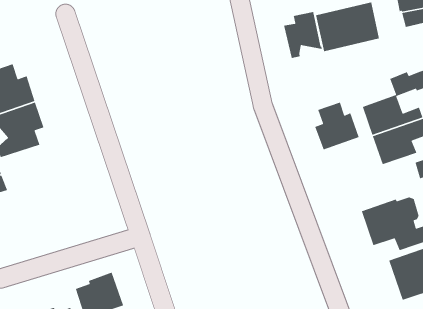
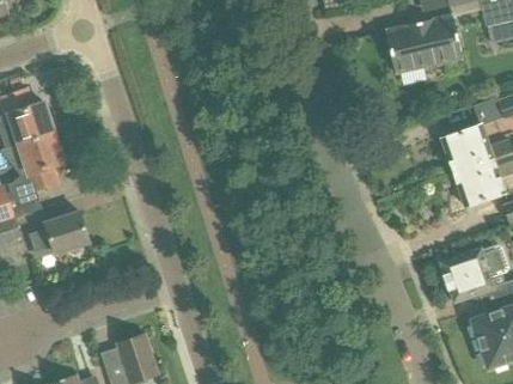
building: [283,11,323,59] -> none
building: [314,102,360,150] -> none
building: none -> [29,212,90,258]

